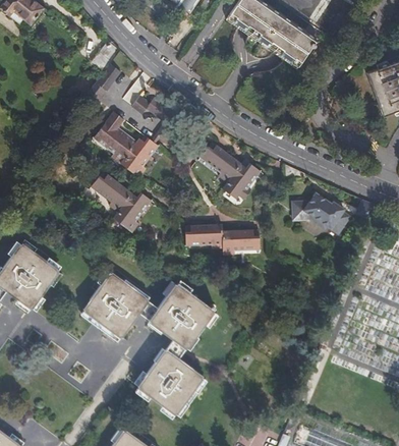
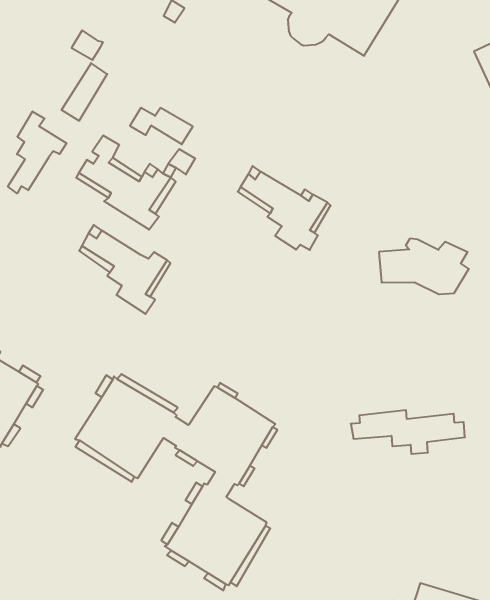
building: none -> [8,111,66,193]
building: [187,223,263,253] -> [351,410,465,454]

